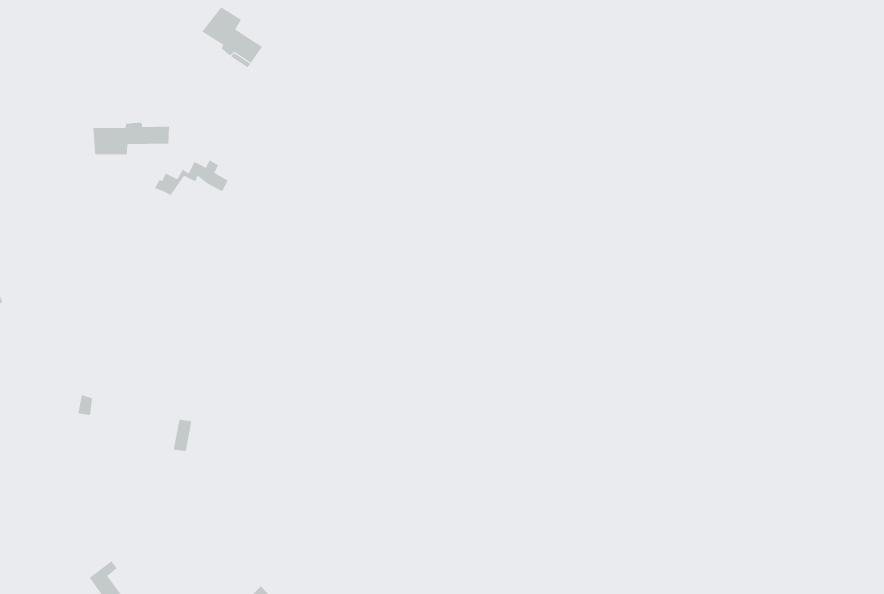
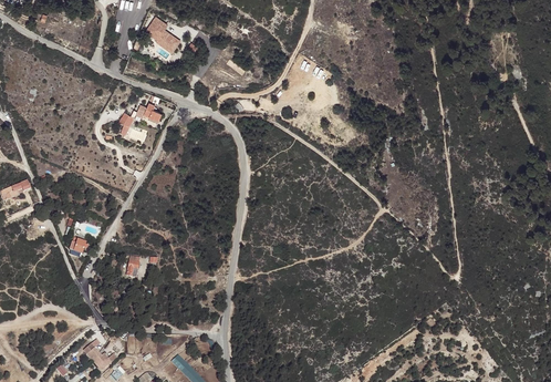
building: [93,122,169,155] -> none

